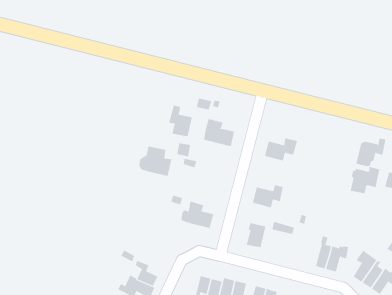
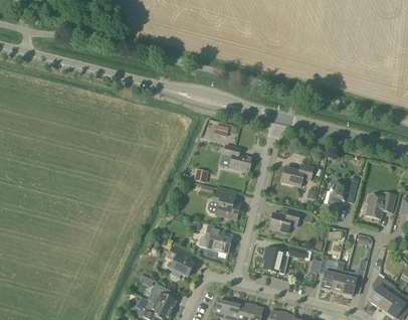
building: [168,105,192,137] -> none
building: [356,138,386,167] -> [328,177,358,205]
building: [139,146,172,176] -> [207,189,240,219]
building: none -> [167,246,193,280]
building: none -> [318,254,337,290]

